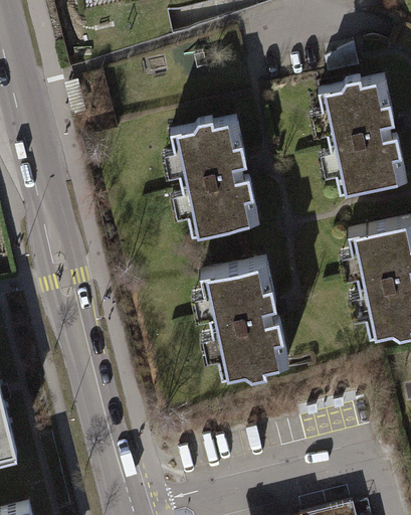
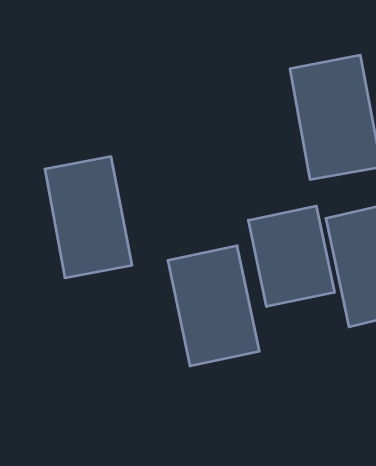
building: [176,124,259,239] -> [45,157,132,278]
building: none -> [248,206,334,307]

